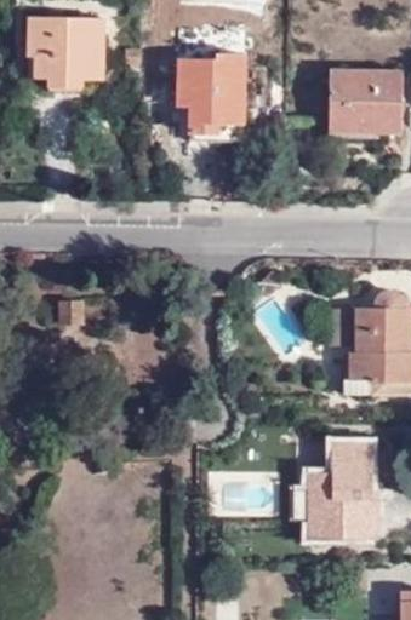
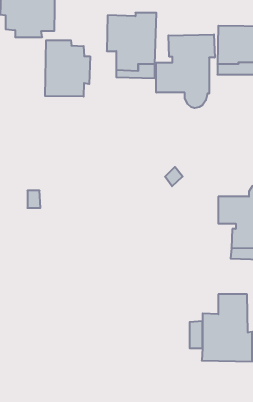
building: none -> [156,34,215,108]
building: none -> [45,40,90,97]

